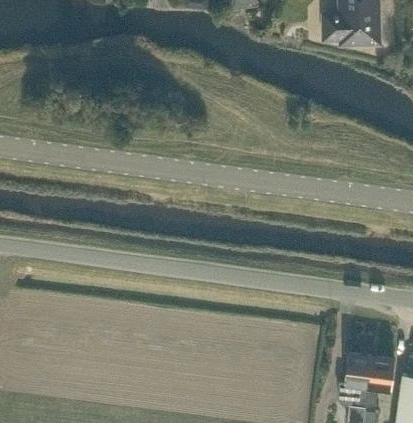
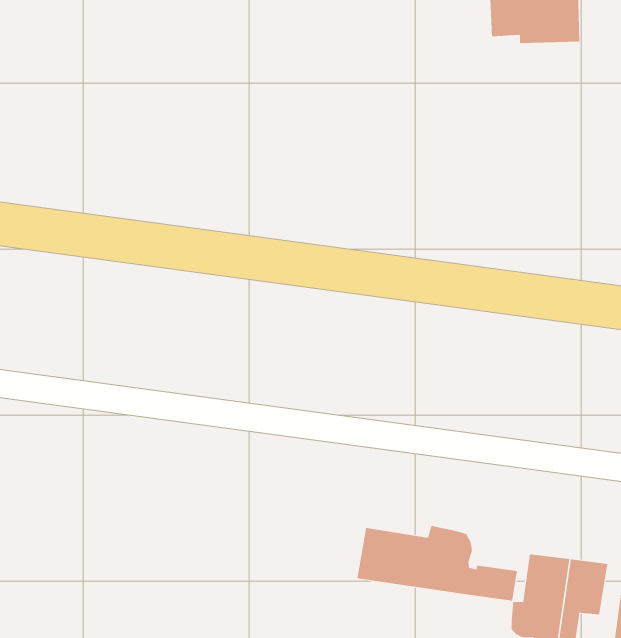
building: none -> [357,525,518,602]

